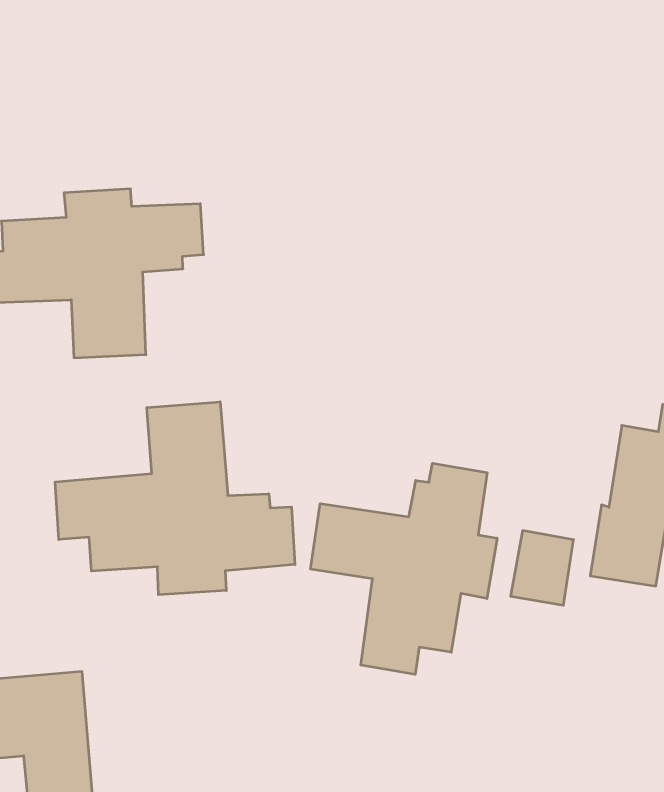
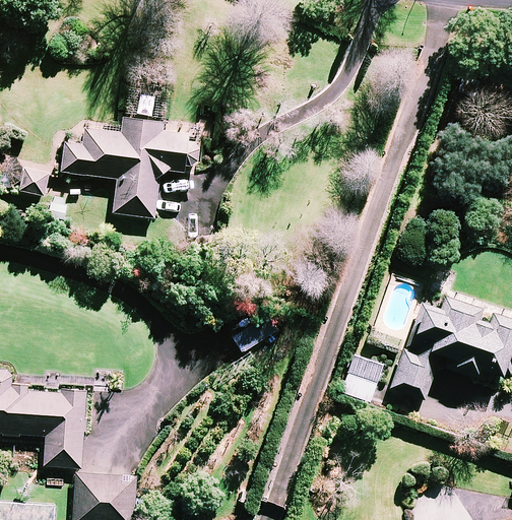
building: [55,402,295,595] -> none
building: [311,463,497,674] -> none

